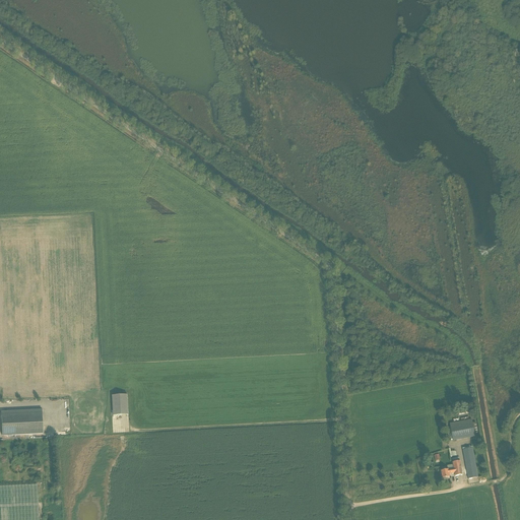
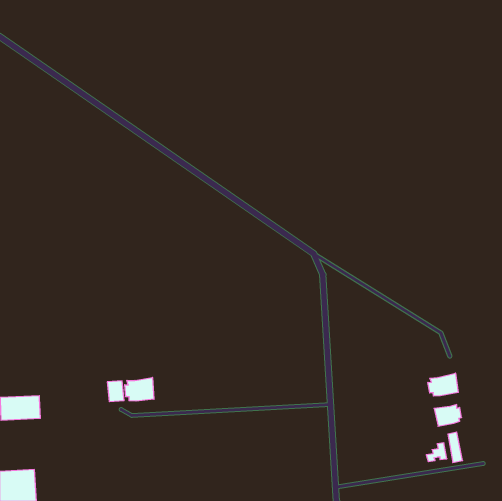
building: none -> [428,373,458,396]
building: none -> [125,377,154,401]

